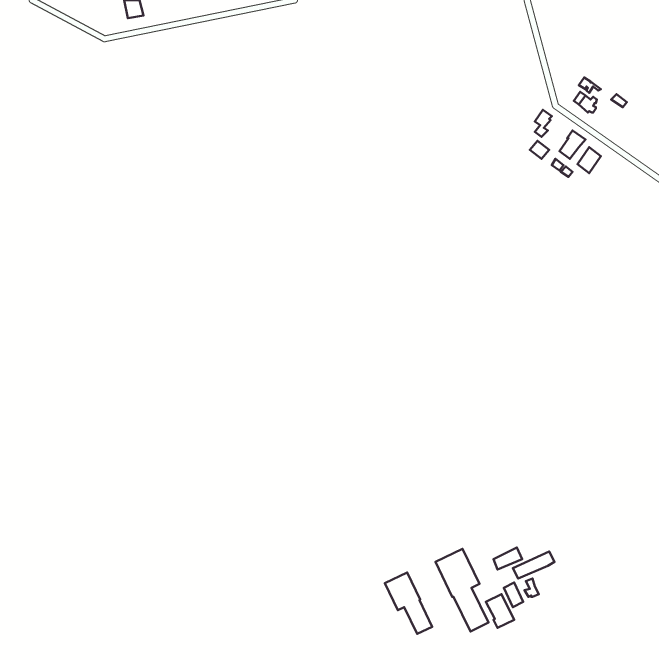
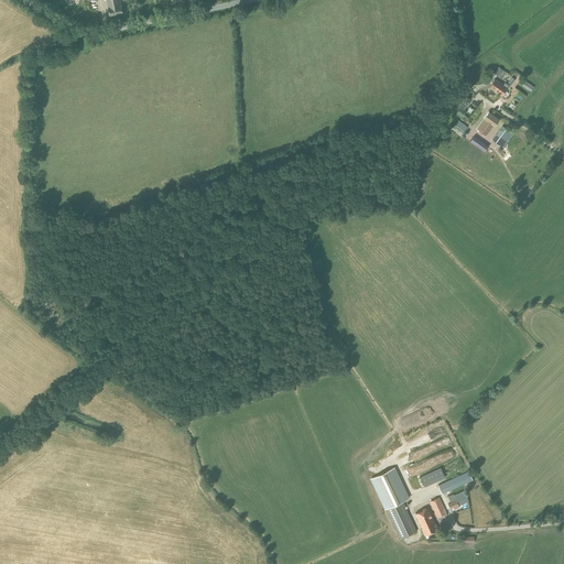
building: [385,572,432,634] -> none

